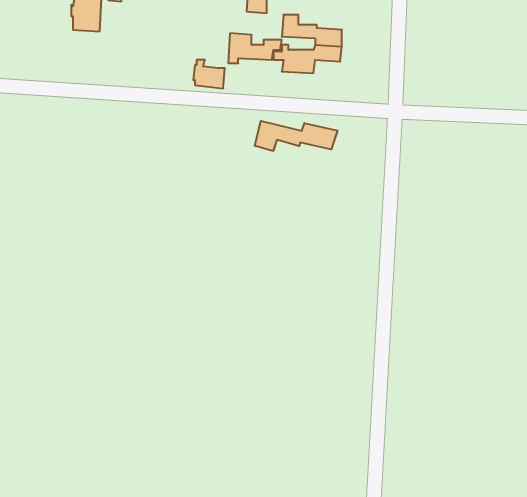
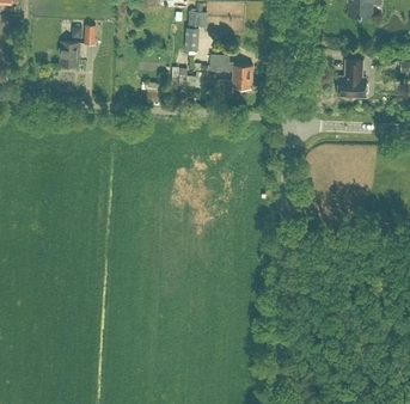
building: none -> [337,59,367,96]
building: [255,121,337,151] -> none

